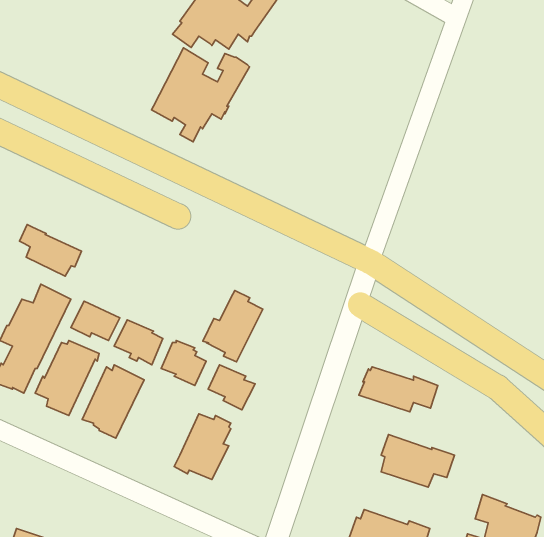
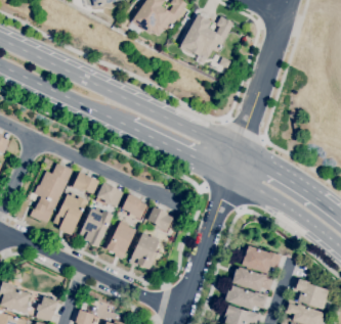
building: [152,48,249,142] -> [180,13,233,64]
building: [19,225,82,276] -> none
building: [203,290,263,362] -> [103,220,136,259]
building: [359,367,438,412] -> [231,267,274,291]

